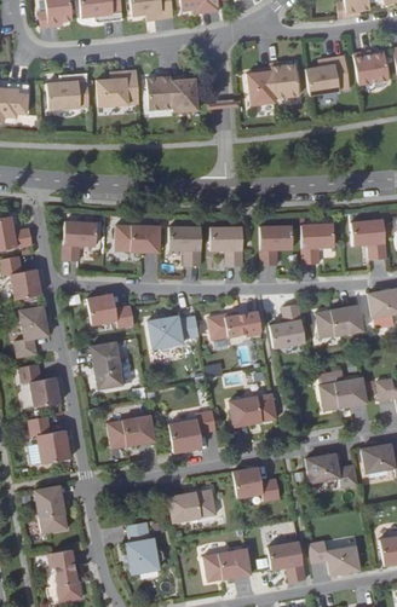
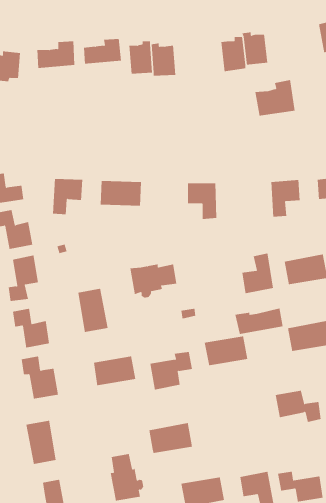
building: [305,54,350,94] -> [254,80,295,116]
building: [260,225,293,265] -> none
building: [169,226,201,266] -> none
building: [87,293,134,328] -> none
building: [208,310,261,339] -> [235,308,283,334]
building: [234,466,281,501] -> none

